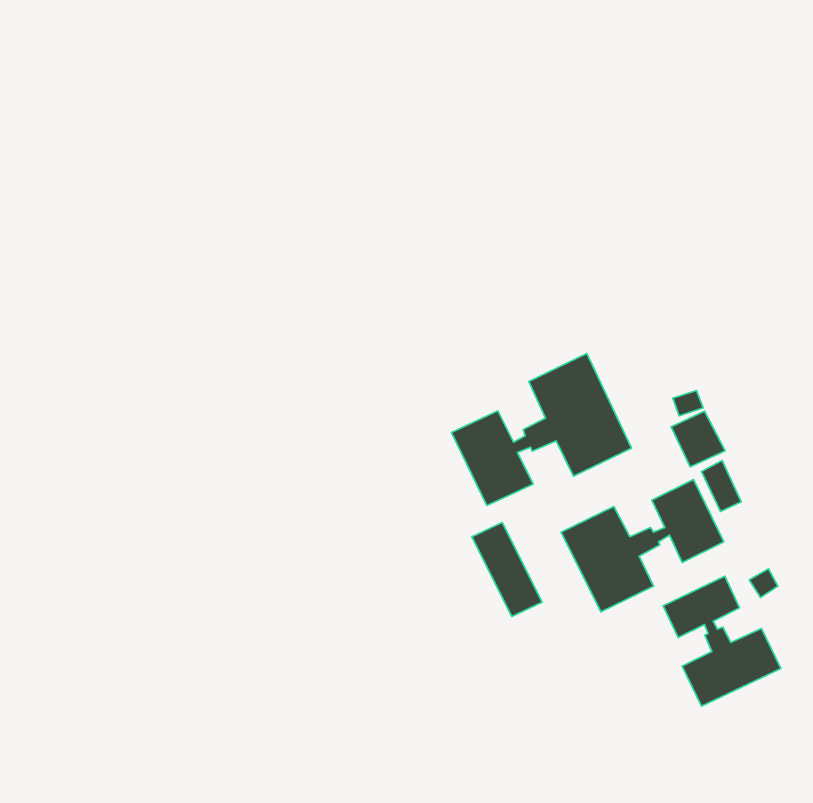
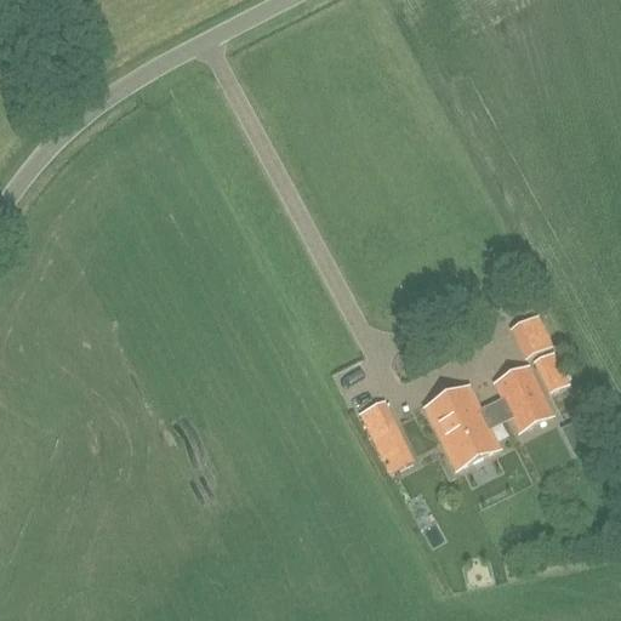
building: [452,353,631,506] -> none
building: [663,576,781,706] -> none

